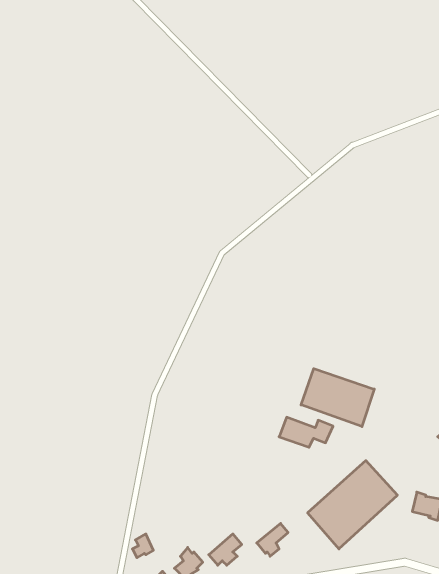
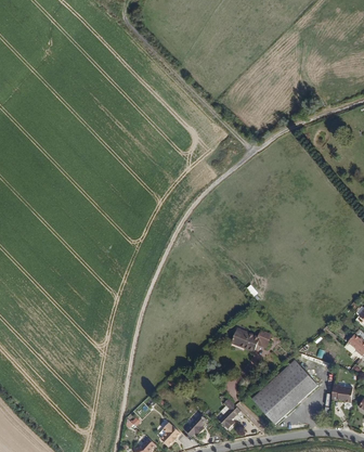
building: [301,369,374,427] -> none

